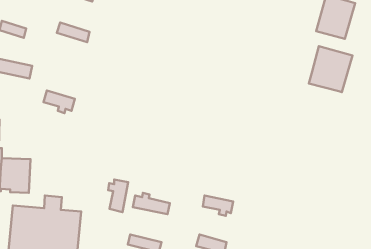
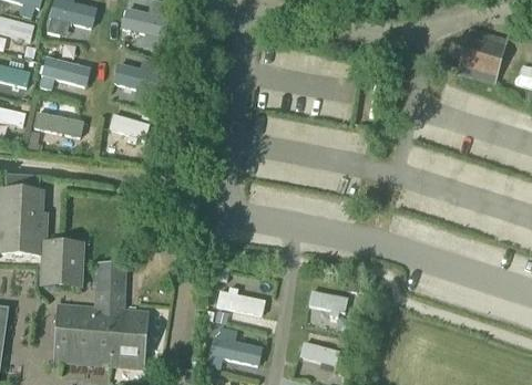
building: [309,46,352,92] -> none
building: [44,90,75,113] -> [109,113,150,143]
building: none -> [101,262,125,292]
building: [108,179,128,212] -> none

